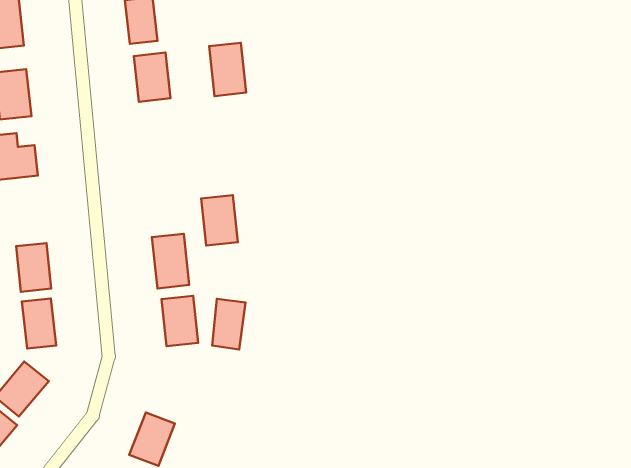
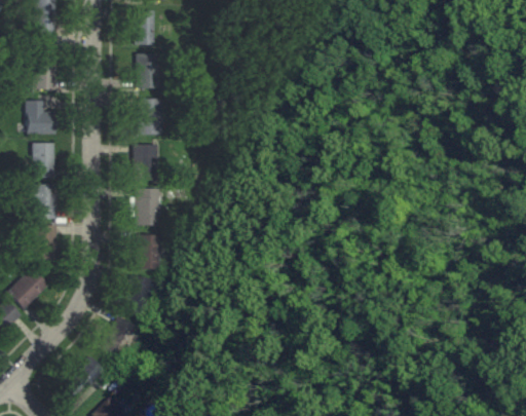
building: [209,43,246,96] -> [140,97,163,134]
building: none -> [34,142,55,176]
building: [201,195,238,246] -> [136,144,159,179]
building: [212,299,245,349] -> [125,273,153,312]

